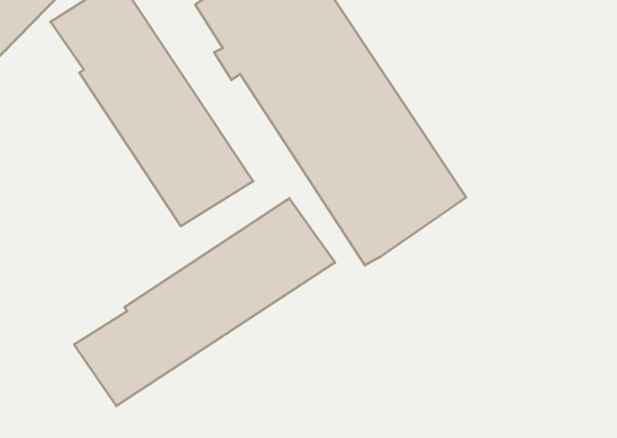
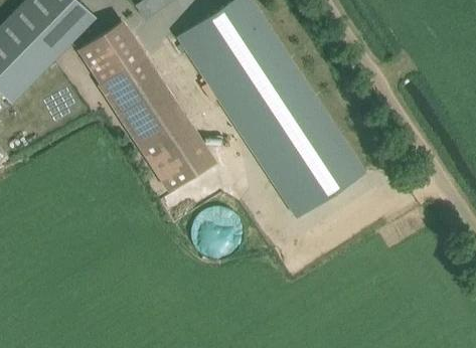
building: [74,198,335,406] -> none

